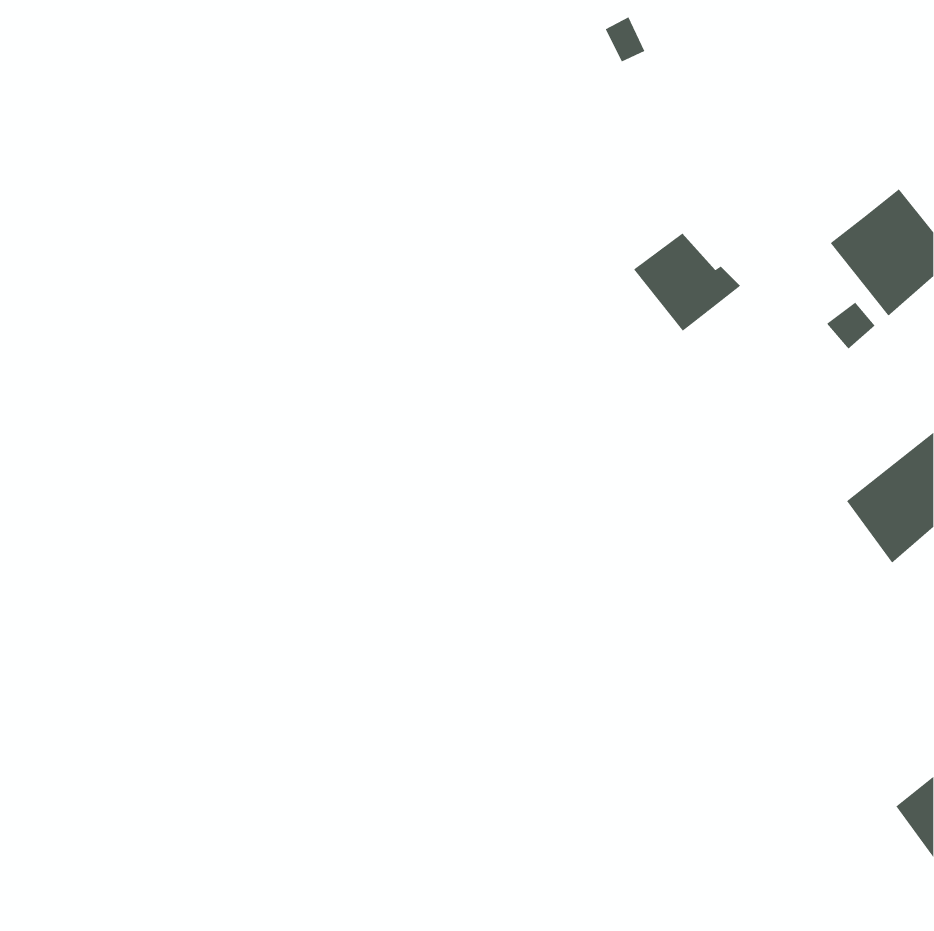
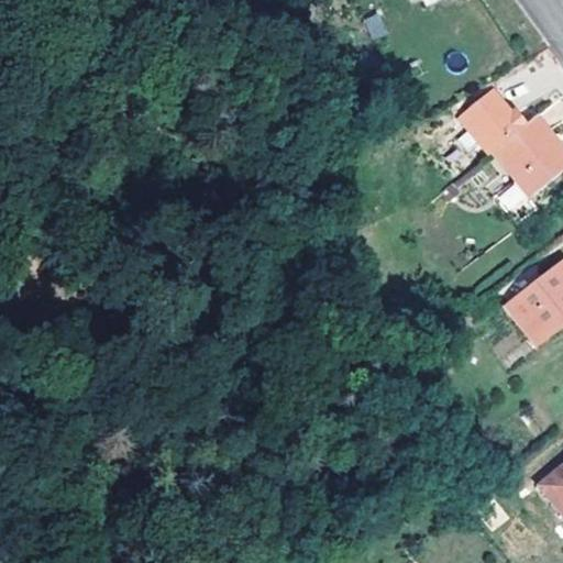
building: [633,233,741,332] -> [454,99,519,158]

